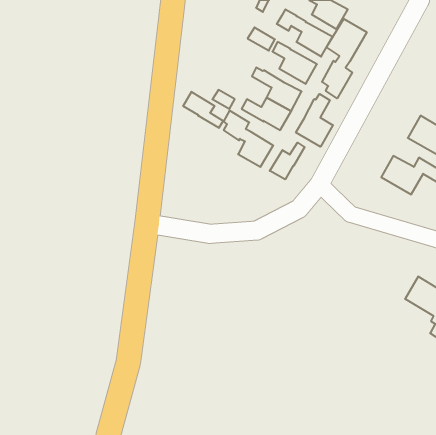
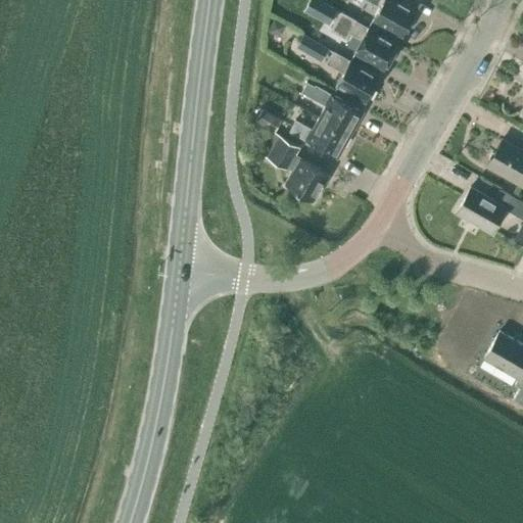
building: [322,19,367,98] -> none
building: [183,92,223,128] -> none
building: [296,94,333,147] -> none
building: [270,143,305,179] -> none

